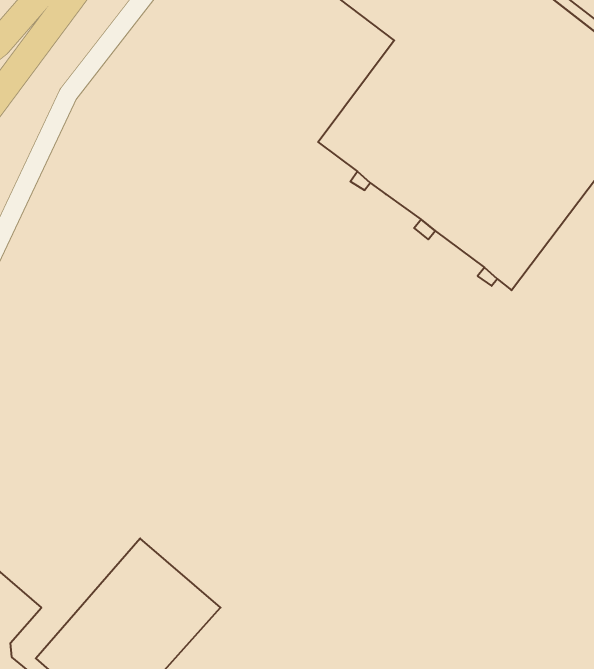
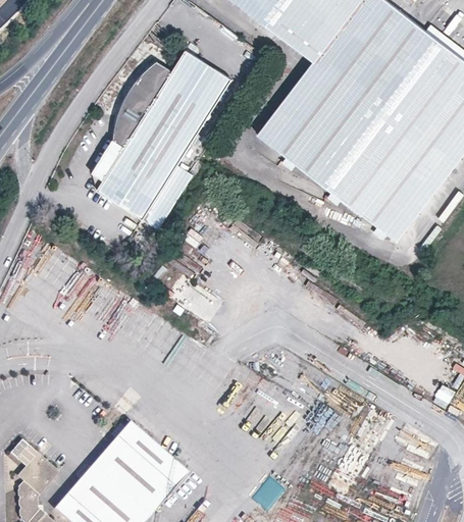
building: none -> [93,50,231,228]

